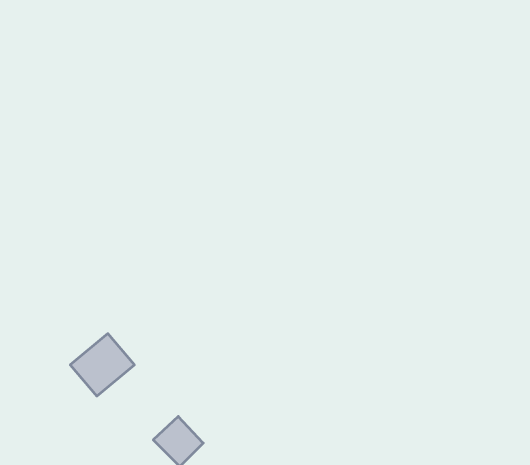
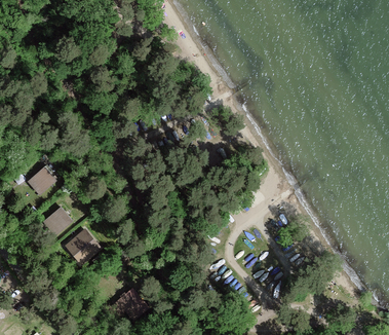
building: none -> [27,166,55,195]
building: none -> [42,207,73,236]

